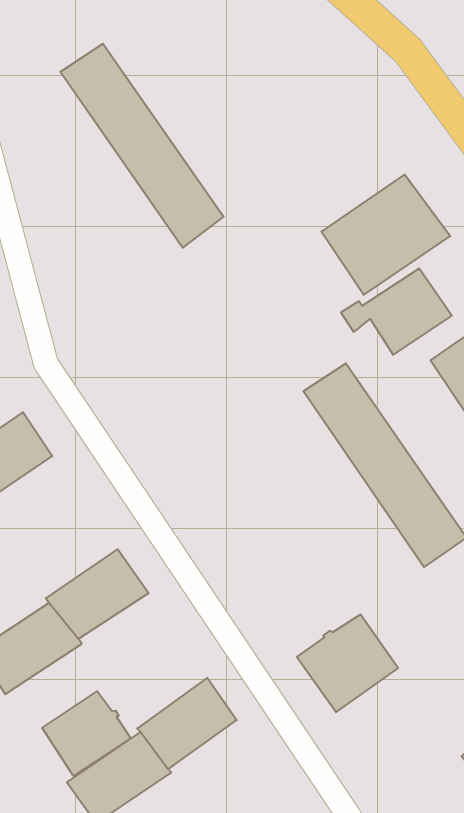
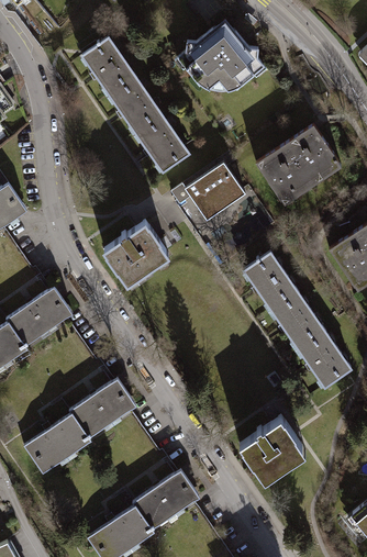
building: none -> [178,18,265,92]
building: [341,268,452,355] -> [169,161,244,220]
building: none -> [100,220,170,289]
building: [42,691,131,776] -> none

